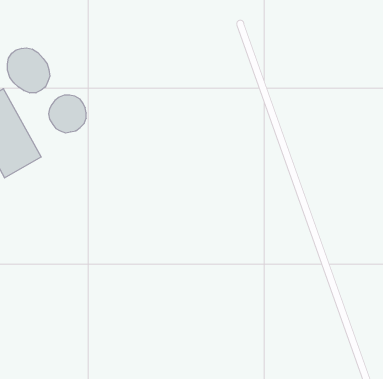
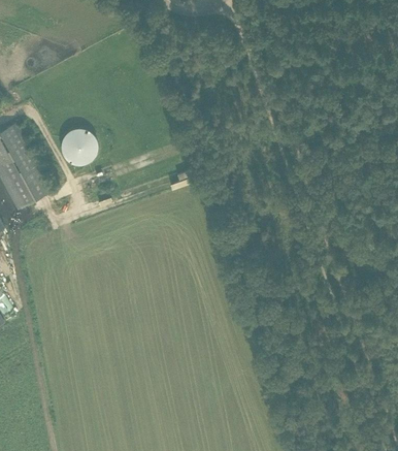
building: [7,48,50,93] -> none

